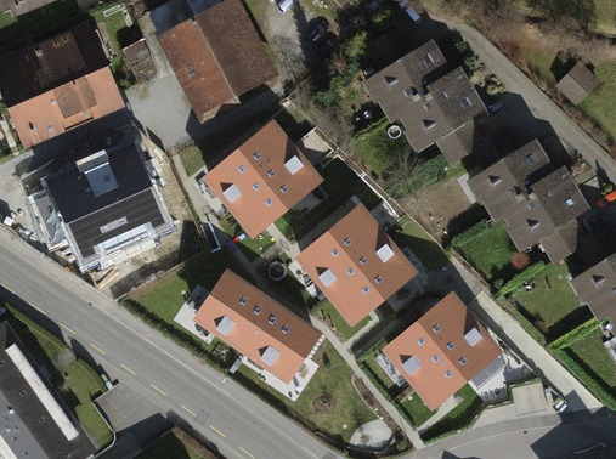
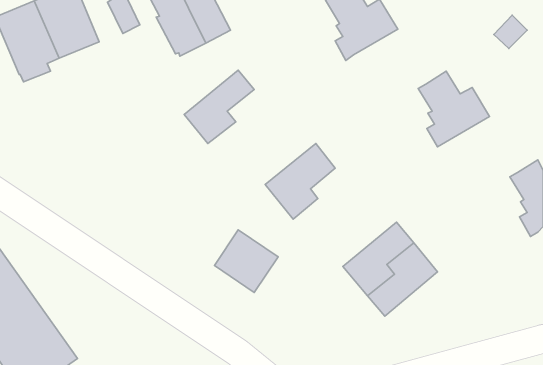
building: [401,75,482,160] -> none
building: [237,148,317,232] -> none
building: [34,152,165,259] -> none
building: [496,174,586,260] -> none
building: [333,237,411,321] -> none
building: [198,276,271,346] -> none

